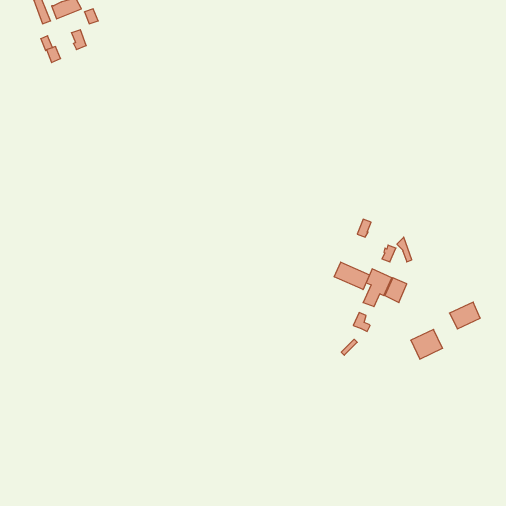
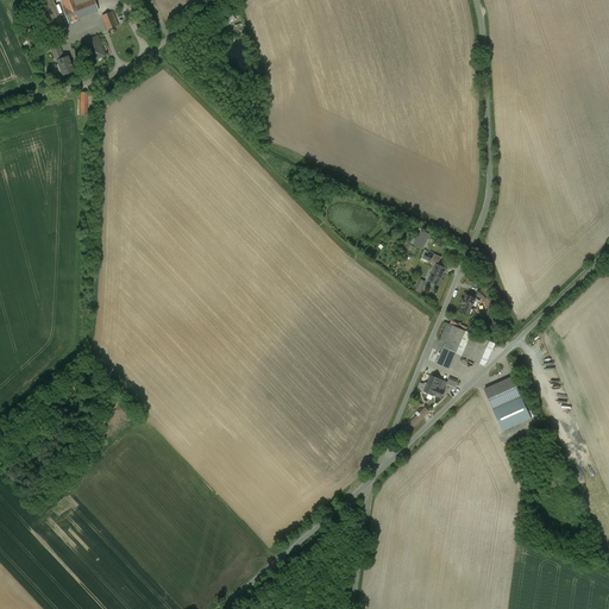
building: [334,262,370,290] -> none
building: [449,302,480,329] -> [483,376,520,408]

